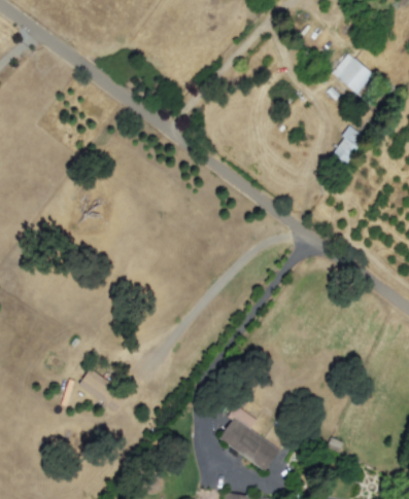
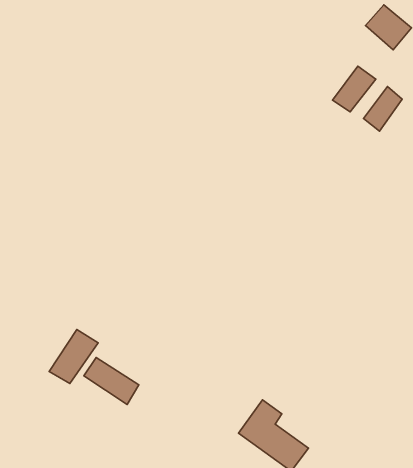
building: none -> [332,66,376,112]
building: none -> [49,329,98,384]

